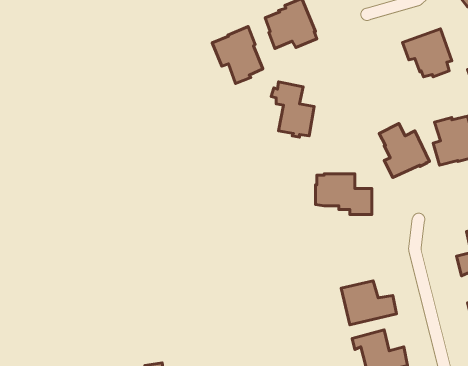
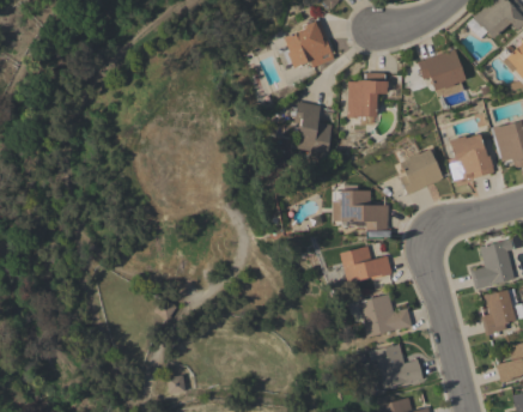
building: [212,26,263,84] -> none
building: none -> [347,73,389,117]
building: none -> [339,246,393,283]

